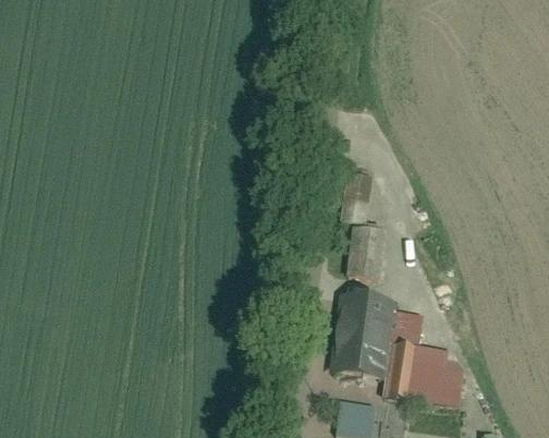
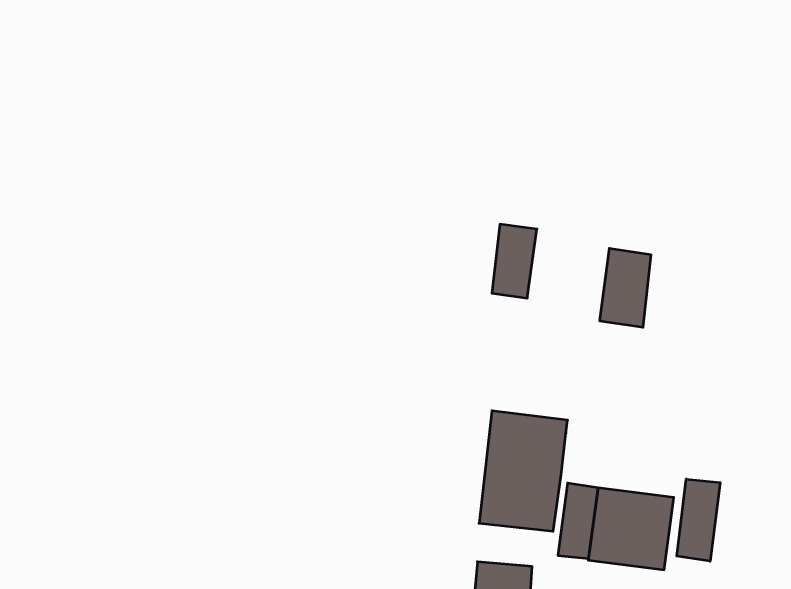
building: [347,226,382,279] -> [600,248,651,327]
building: [388,311,424,343] -> none
building: none -> [677,479,720,561]

